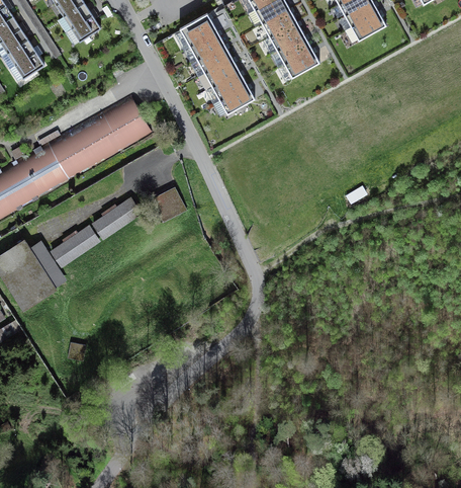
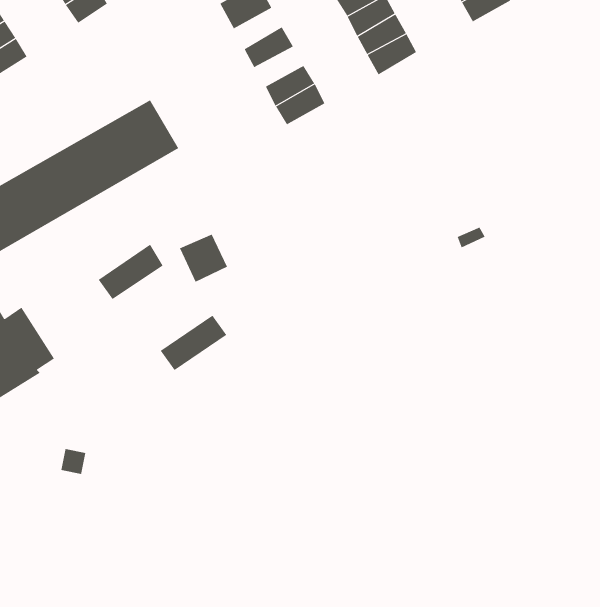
building: [189,31,223,61] -> none
building: [203,59,239,87] -> none
building: [51,227,98,266] -> [160,315,227,371]

